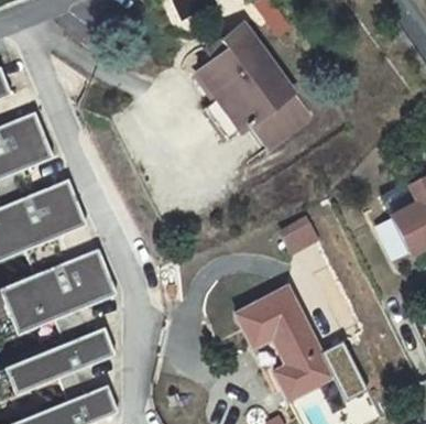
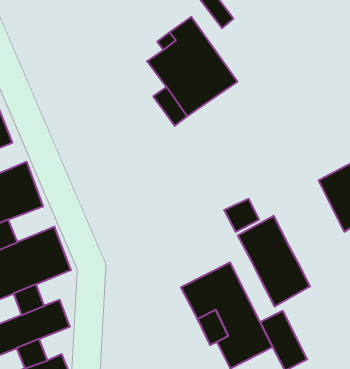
building: [254,93,314,146] -> none
building: none -> [238,216,310,307]

